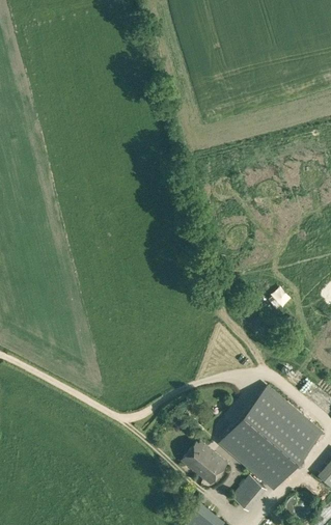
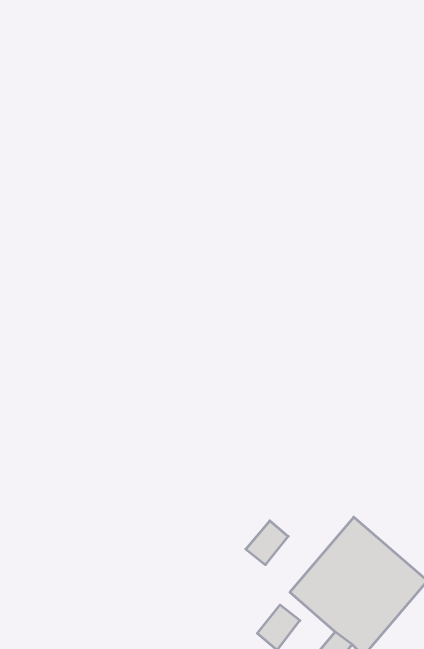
building: [182,441,213,473] -> [246,521,288,565]

